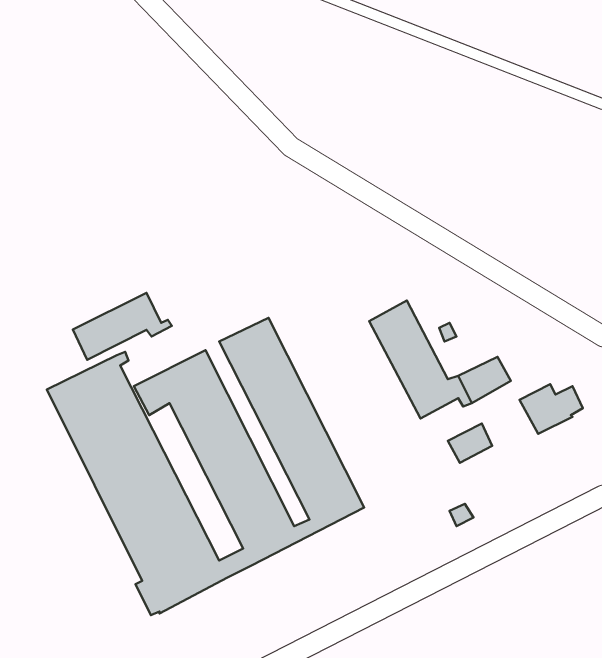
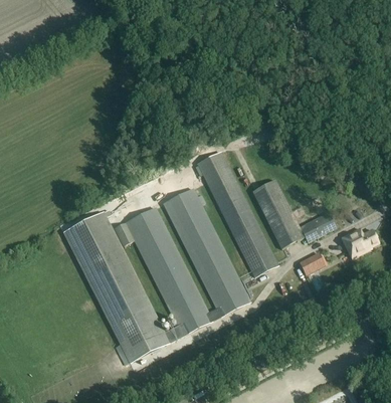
building: none -> [197,152,276,275]
building: [73,293,172,360] -> none

